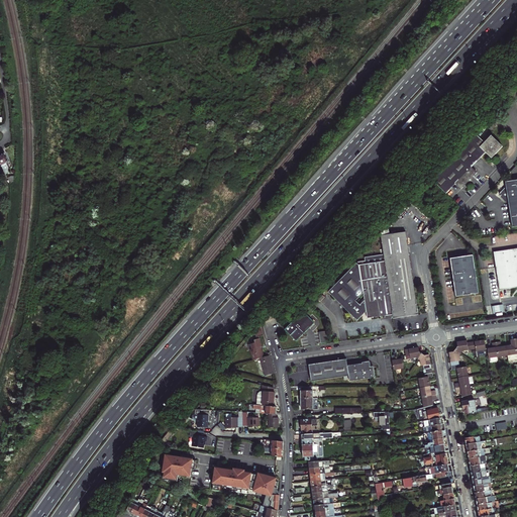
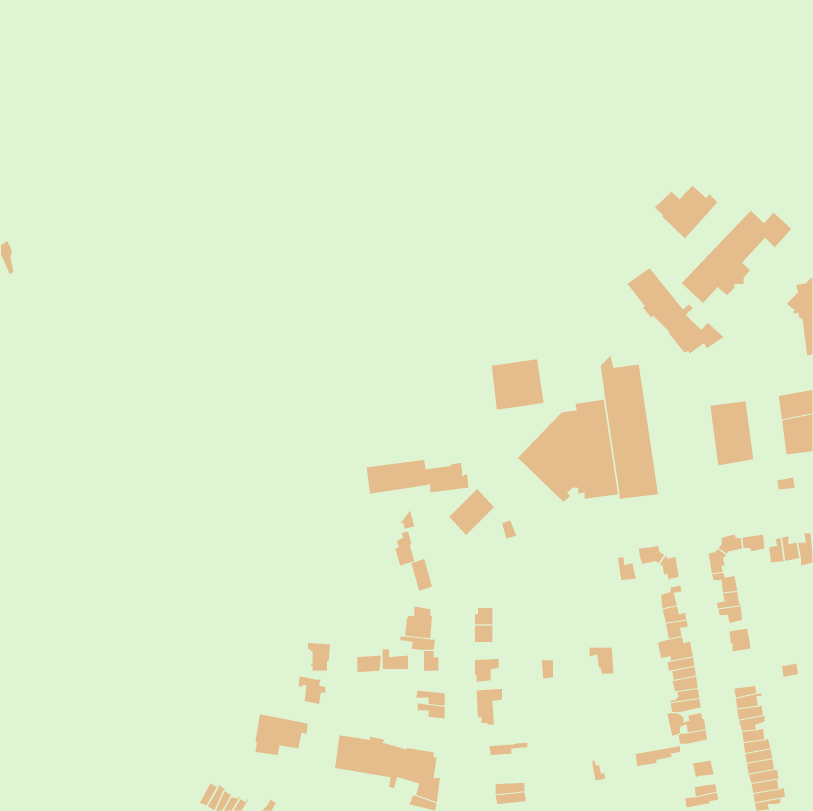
building: none -> [654,185,718,239]
building: none -> [626,267,724,354]
building: none -> [491,359,544,411]
building: [309,358,375,381] -> [366,459,469,494]

